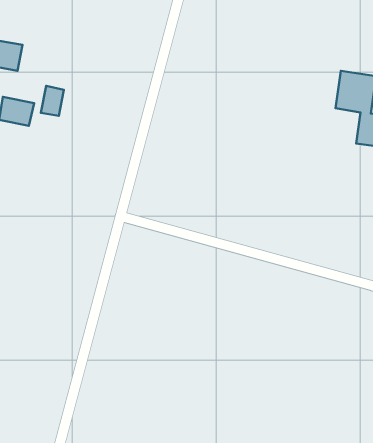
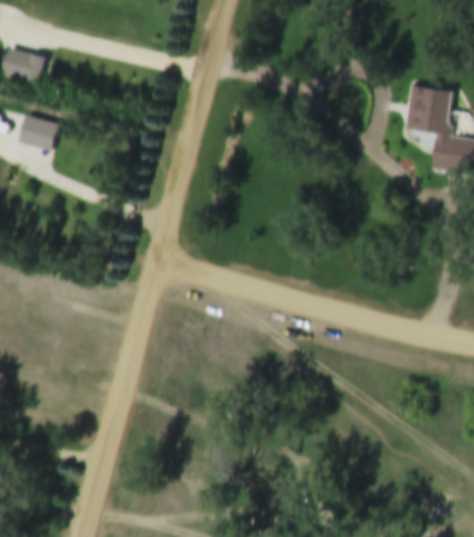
building: [41,86,64,116] -> none

